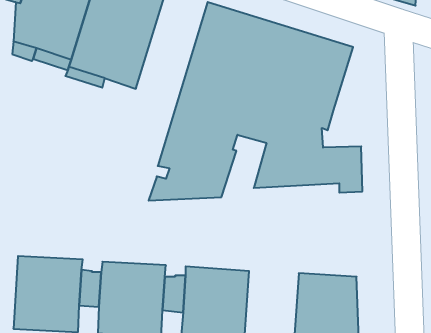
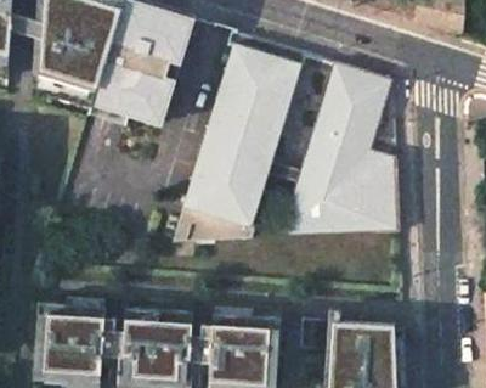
building: none -> [357,147,399,186]

